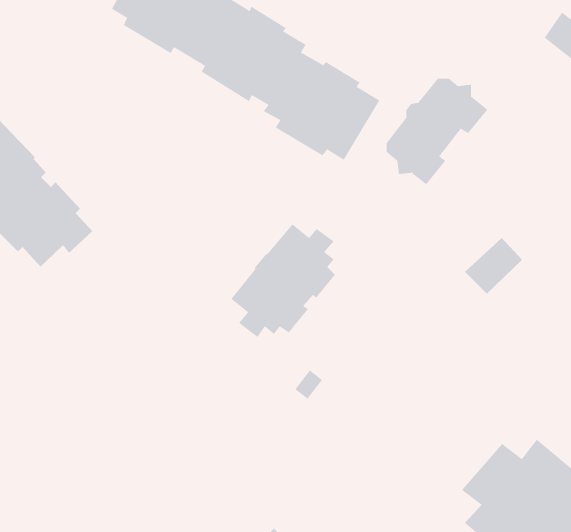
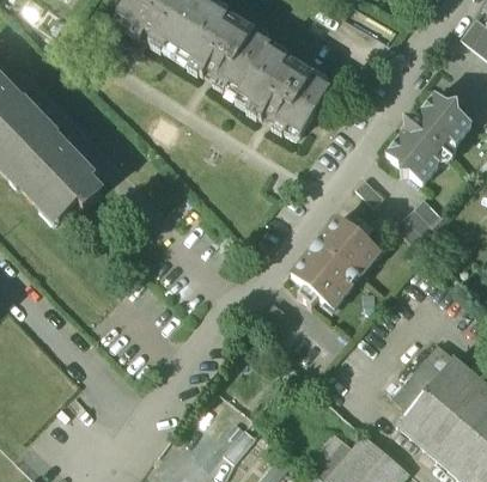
building: [386,78,488,185] -> [391,100,473,185]
building: [231,224,336,338] -> [292,216,376,307]

